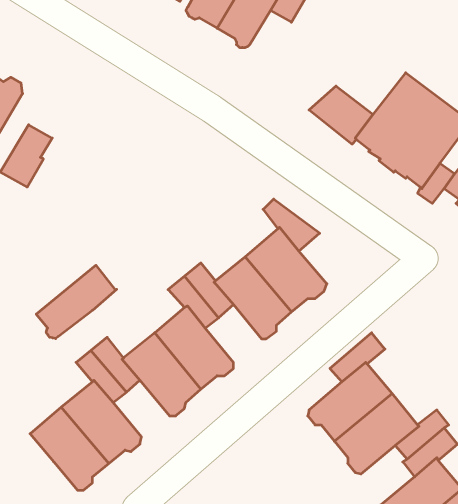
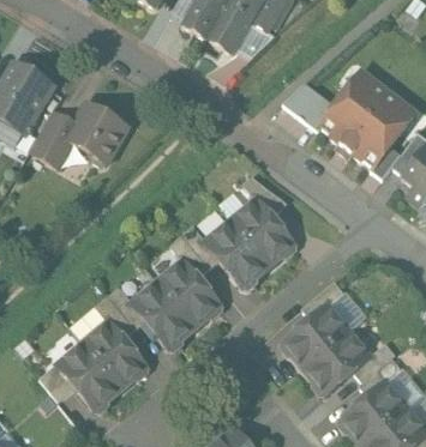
building: none -> [66,104,130,168]
building: [36,265,117,339] -> none
building: none -> [40,363,77,401]

